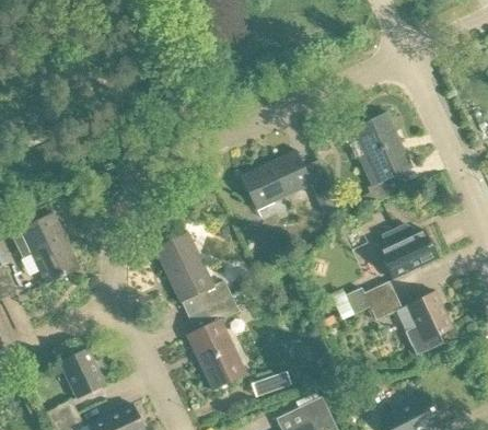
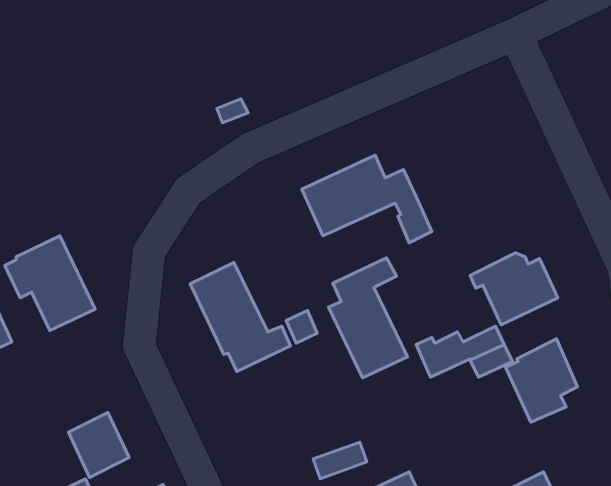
building: [352,113,413,207] -> none
building: [186,297,247,390] -> [328,258,408,378]

